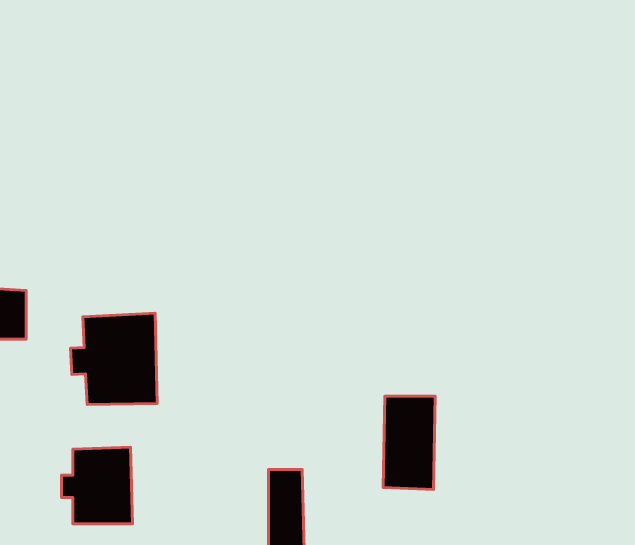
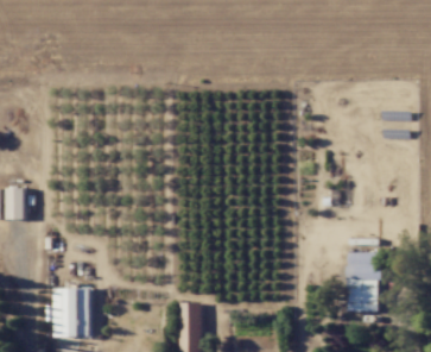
building: [71,313,157,405] -> none
building: [383,396,435,490] -> [346,252,379,312]

